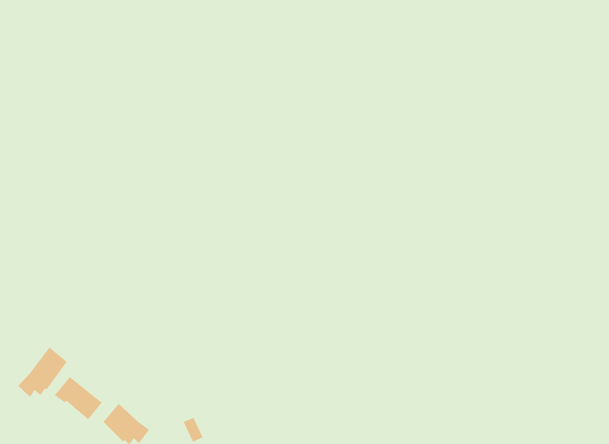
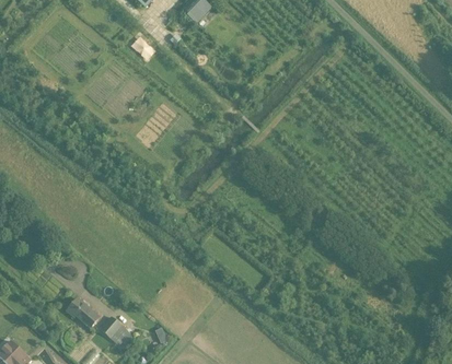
building: [18,346,67,397] -> none

